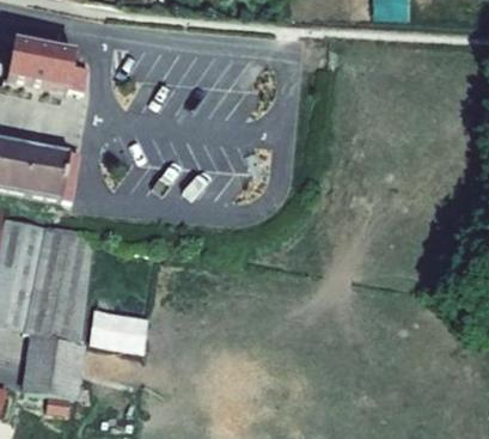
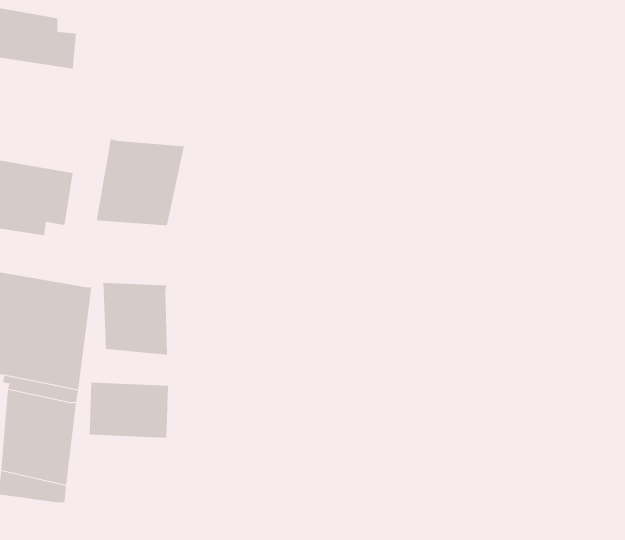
building: none -> [96,138,185,226]
building: none -> [103,282,168,355]

